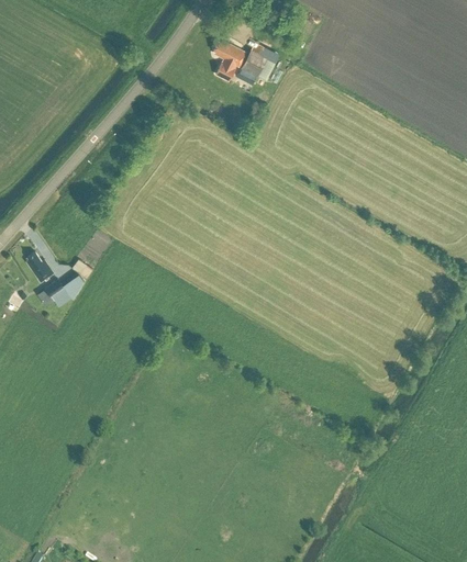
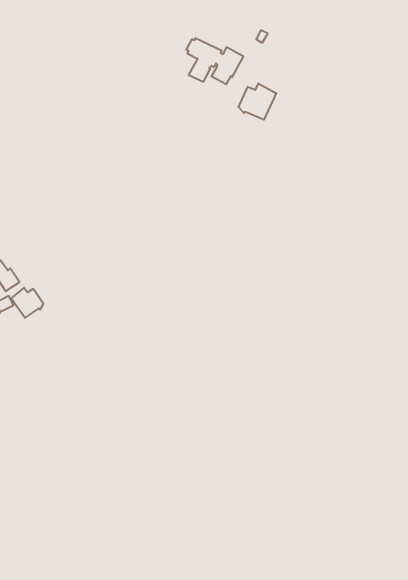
building: none -> [239,83,276,120]

